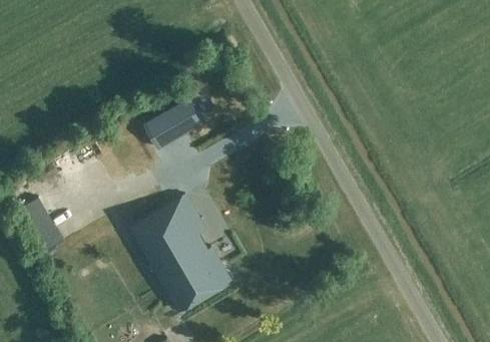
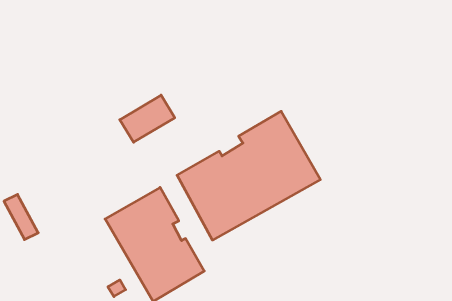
building: none -> [177,111,320,240]

